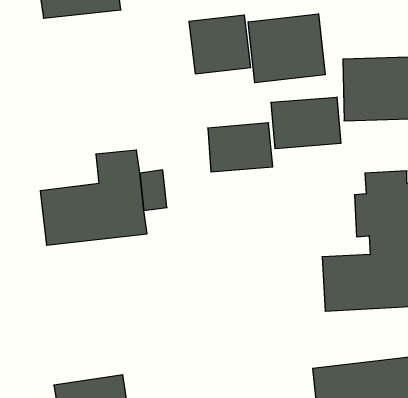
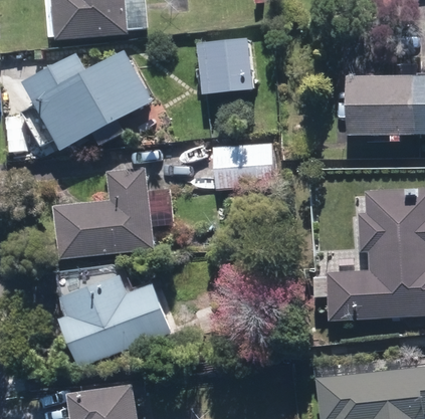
building: [248,14,325,83] -> none
building: none -> [22,50,153,152]
building: [271,97,341,149] -> none
building: none -> [57,273,170,367]

